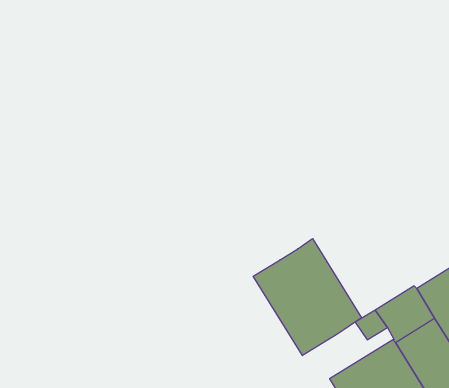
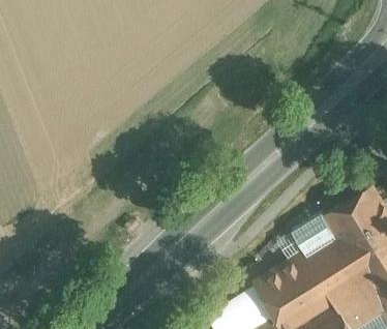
building: [253,239,362,356] -> none

